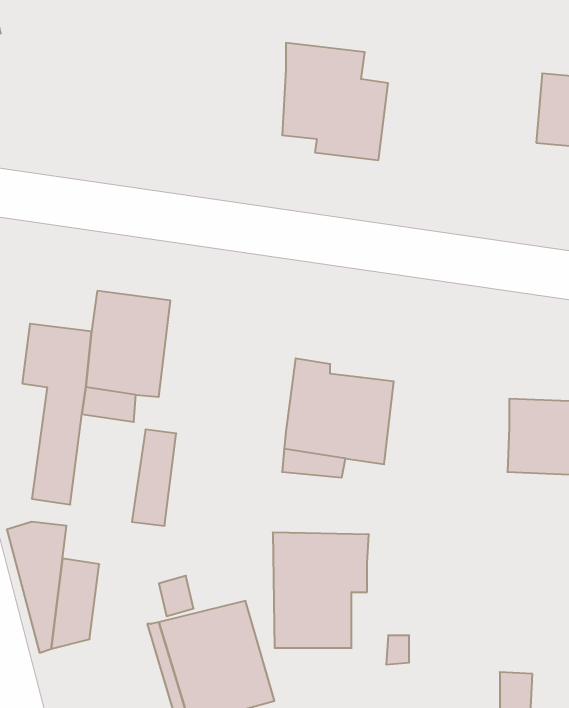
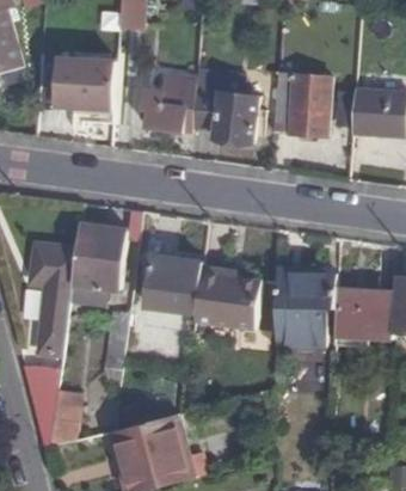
building: none -> [56,57,118,108]
building: none -> [142,74,196,133]
building: none -> [272,74,327,135]
building: none -> [148,259,202,312]
building: [273,532,369,648] -> [276,272,336,344]

